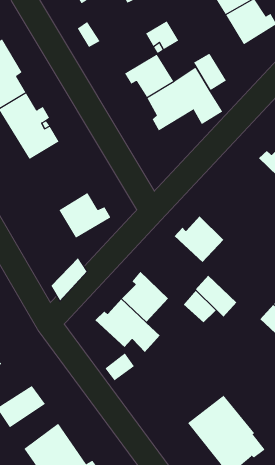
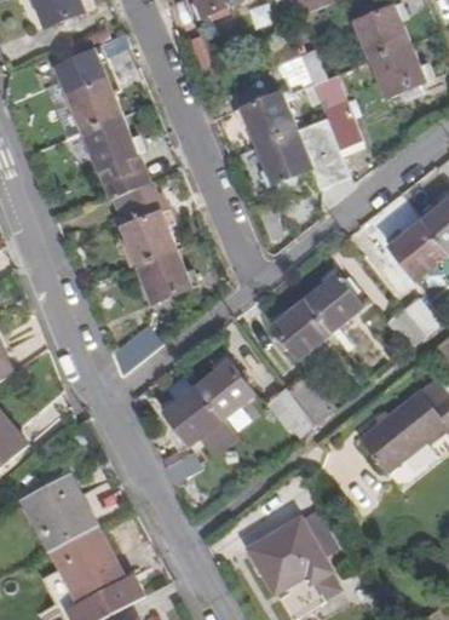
building: none -> [109,183,172,266]
building: none -> [304,269,361,332]
building: none -> [35,500,96,551]

